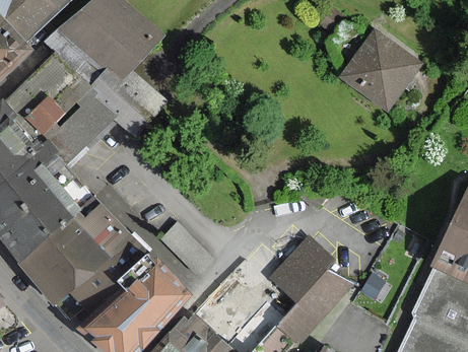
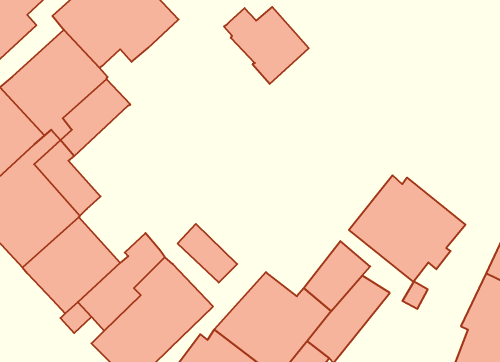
building: [341,30,418,108] -> none
building: [91,67,166,135] -> [224,7,309,84]
building: none -> [349,175,465,282]
building: [73,200,132,257] -> none

